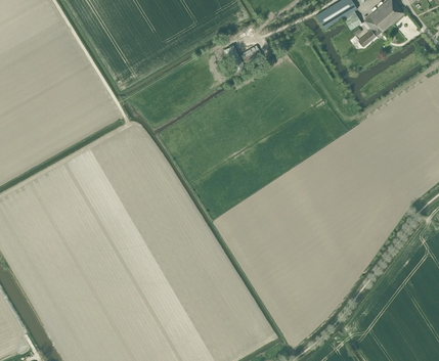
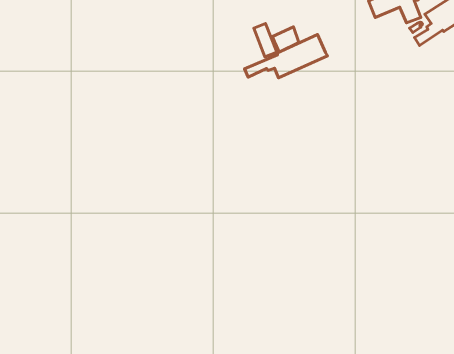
building: none -> [244,35,328,78]

